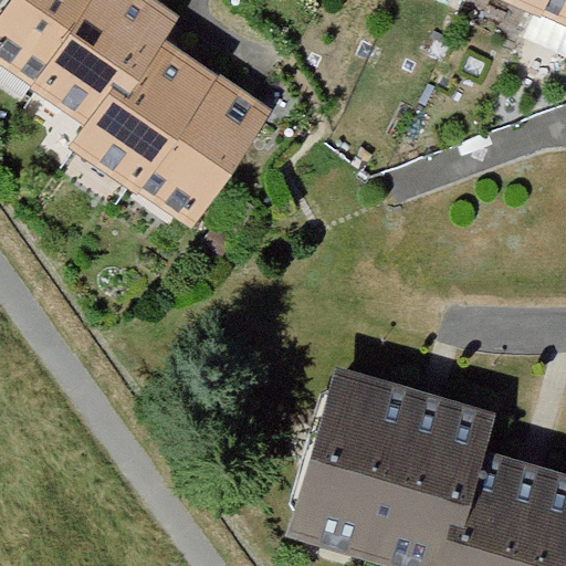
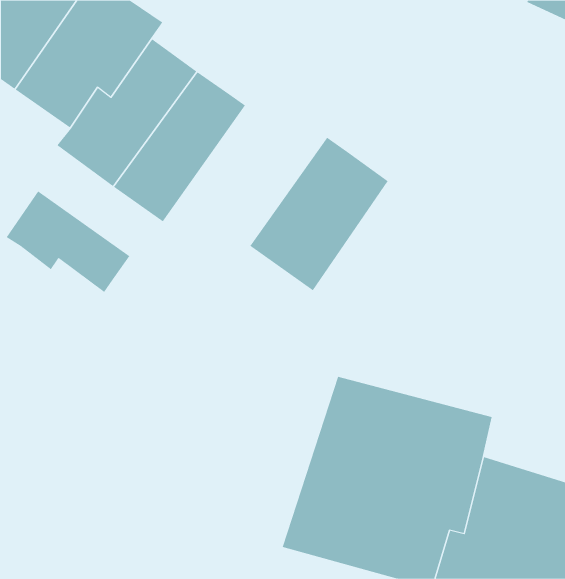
building: none -> [249,137,389,291]
building: none -> [6,191,130,293]

